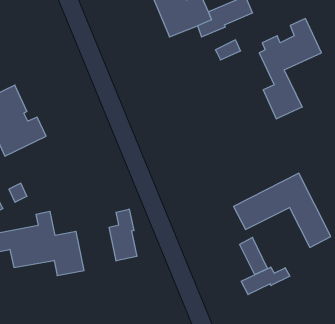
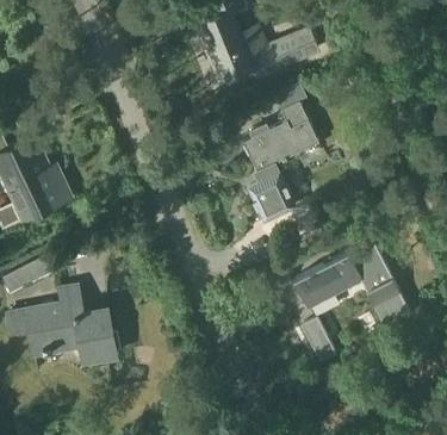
building: [259,19,321,119] -> [244,104,318,223]
building: [109,209,137,261] -> none
building: [241,267,290,295] -> none

